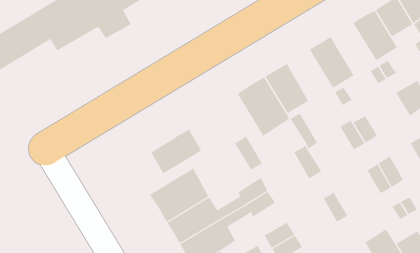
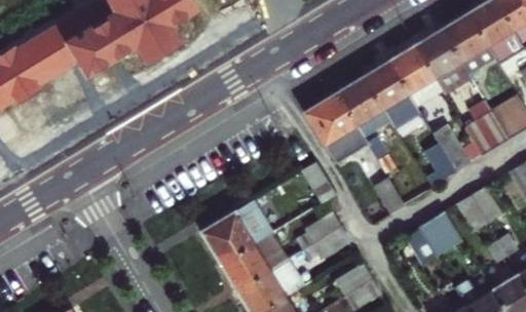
building: none -> [416,30,469,89]
building: none -> [365,61,418,124]
building: none -> [466,112,510,155]
building: [151,129,202,174] -> none
building: none -> [419,210,463,257]

